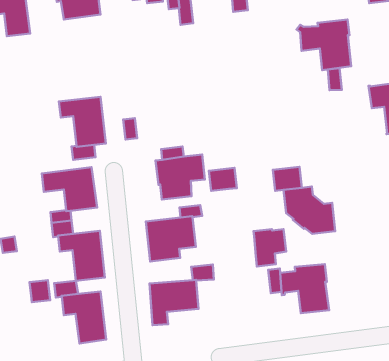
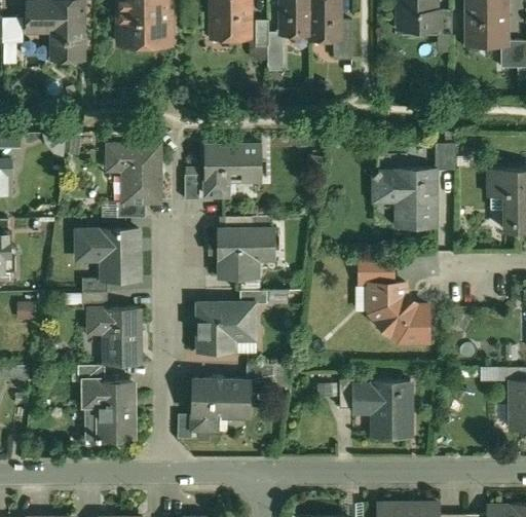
building: [297,19,351,70] -> [372,169,436,227]
building: none -> [203,144,262,197]
building: [209,168,237,191] -> none
building: [254,229,286,266] -> none
building: [30,280,50,302] -> none

